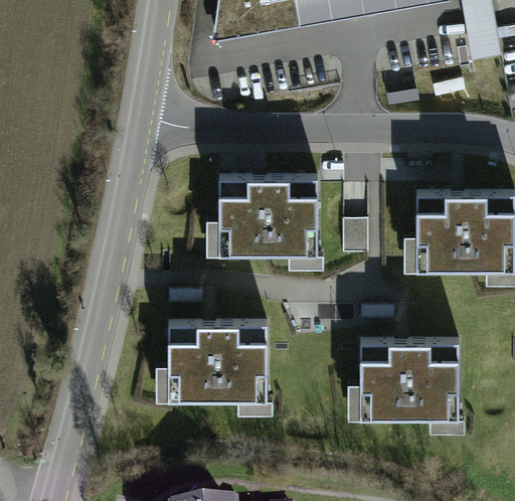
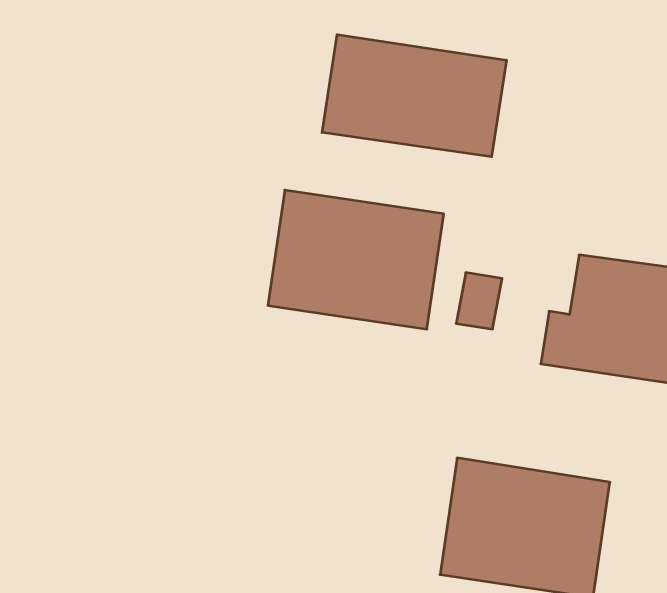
building: none -> [322,35,506,157]
building: [164,321,270,406] -> none

